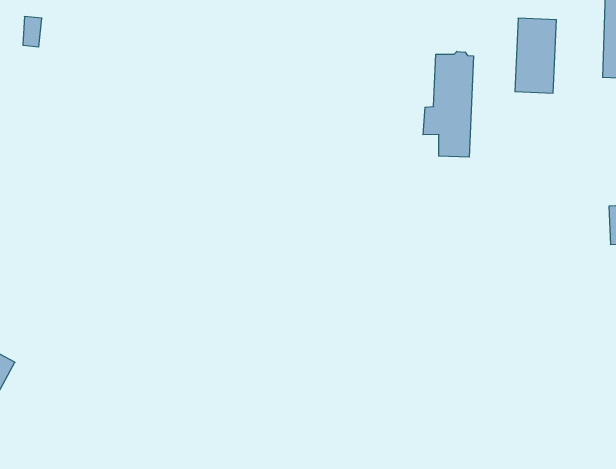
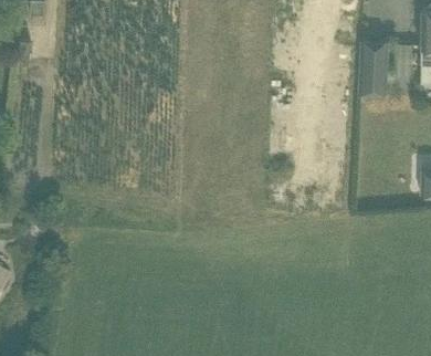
building: [423,51,473,157] -> none

